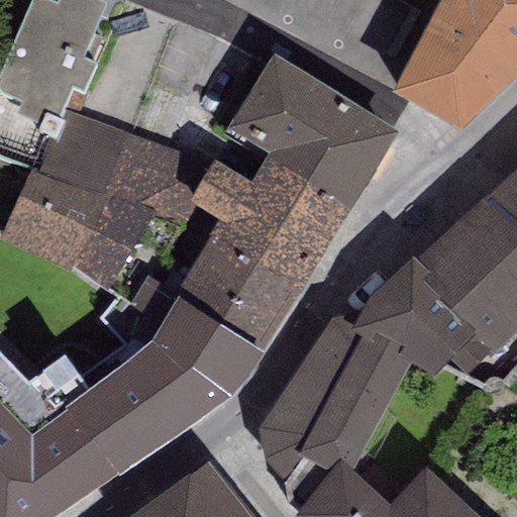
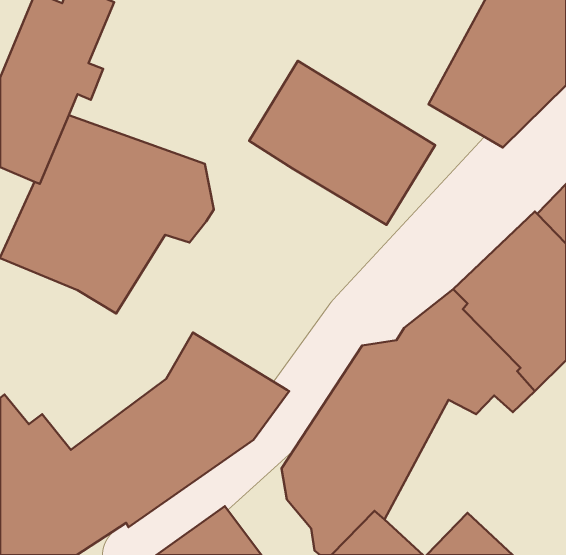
building: [170,153,352,355] -> none

